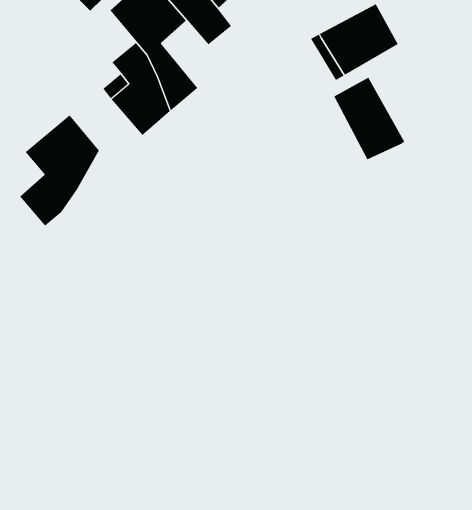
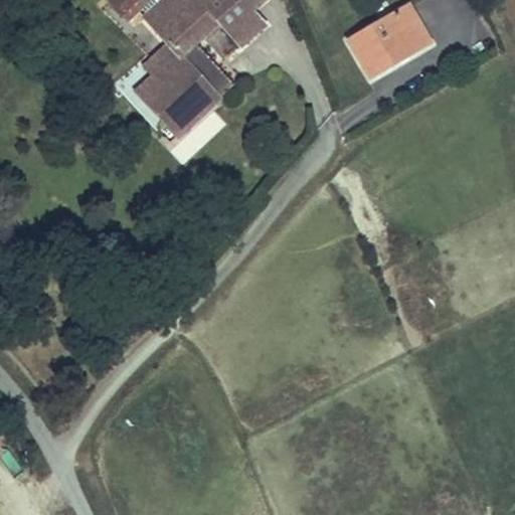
building: [334,77,405,160] -> none
building: [19,115,100,227] -> none

